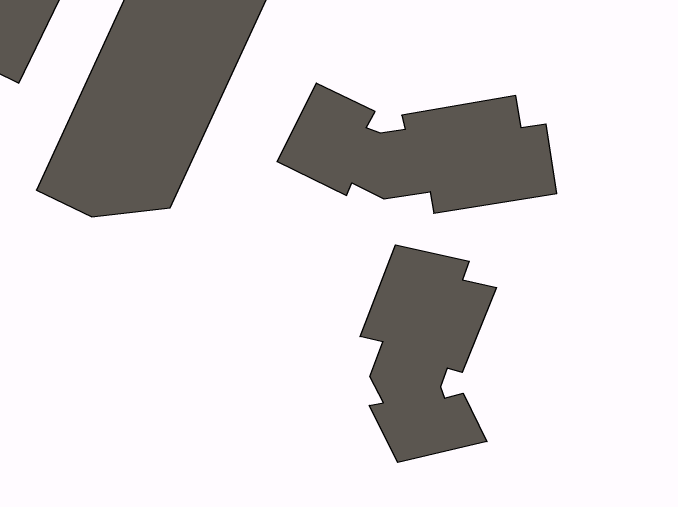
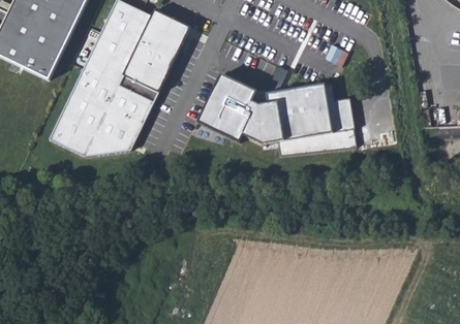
building: [360,245,497,462] -> none

